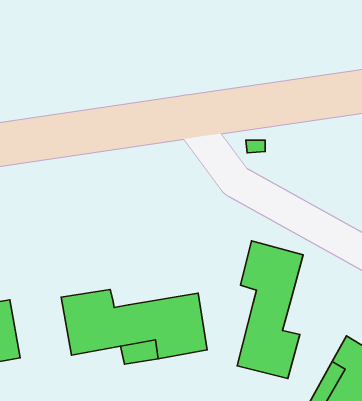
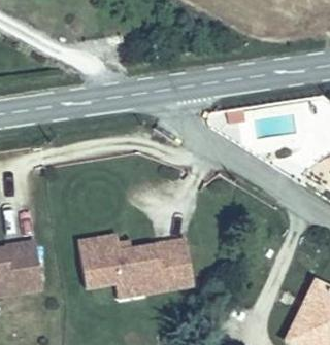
building: [237,241,303,379] -> none

